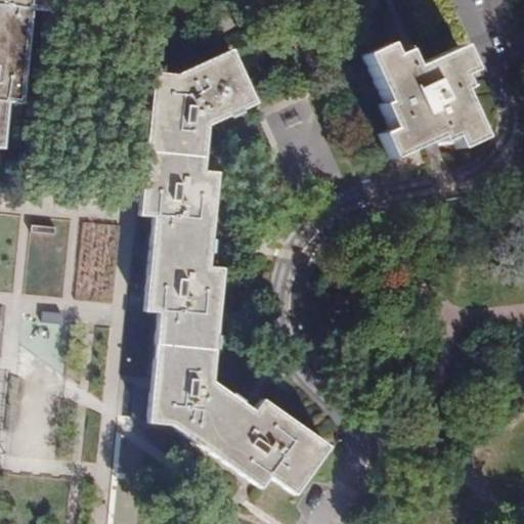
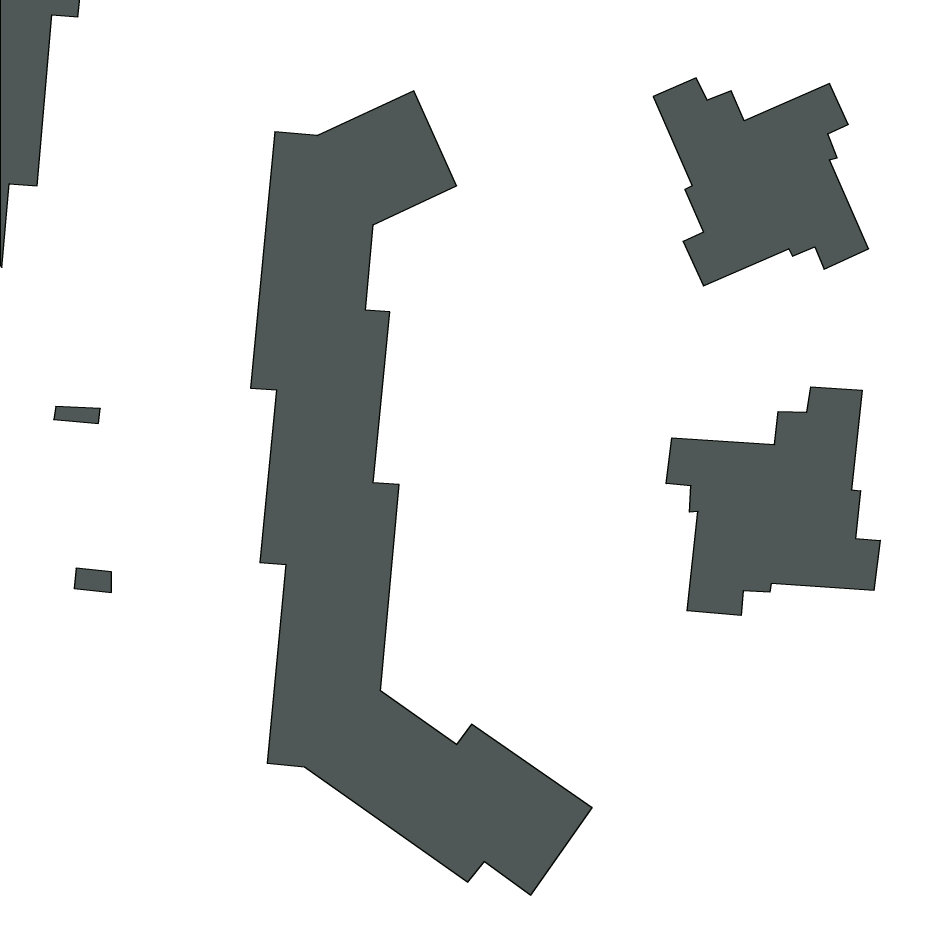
building: none -> [666,387,880,615]

